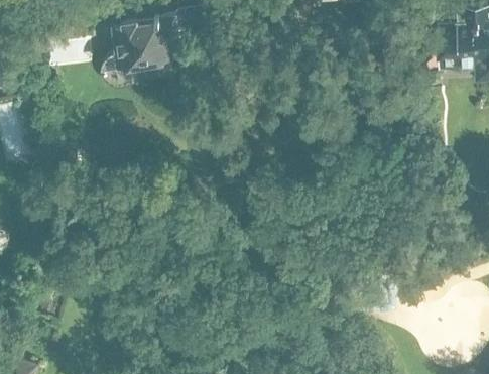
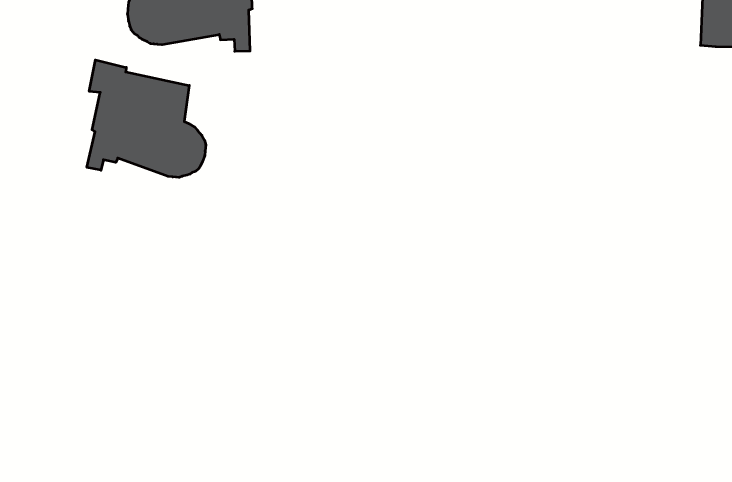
building: none -> [87,60,206,177]

